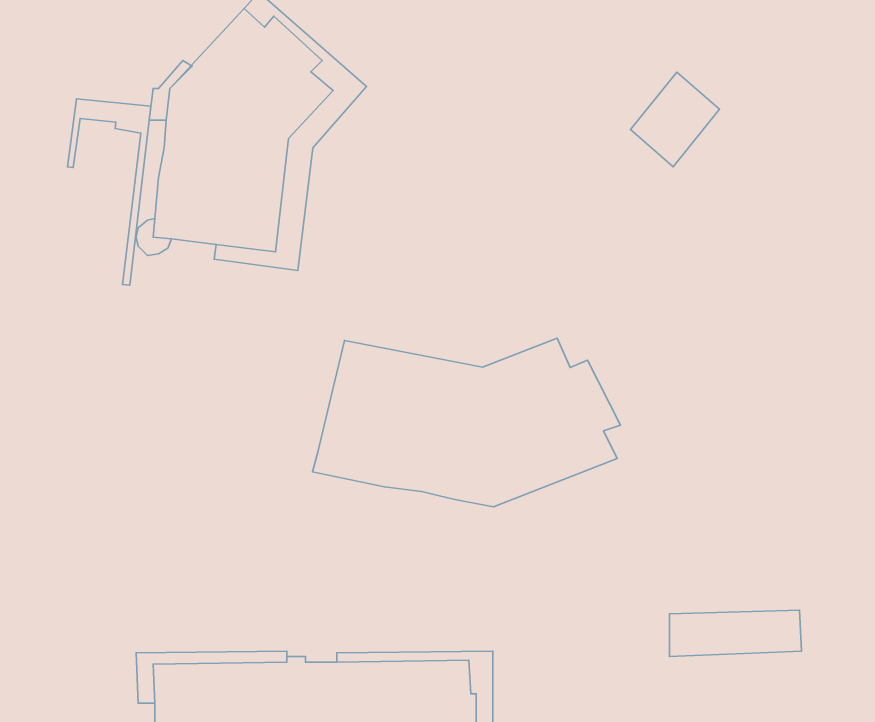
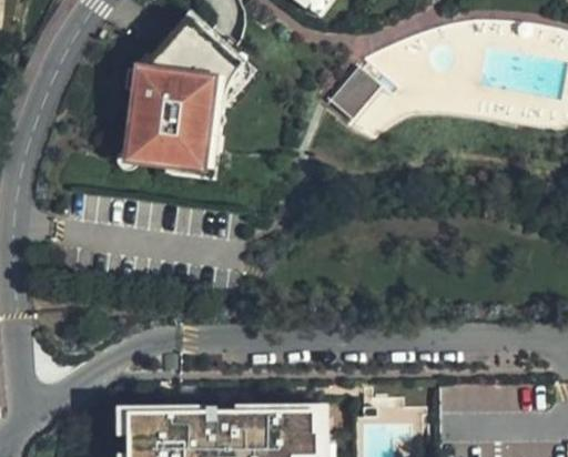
building: [630,72,720,167] -> [322,63,375,120]
building: [67,99,151,285] -> none
building: [312,338,620,507] -> none

